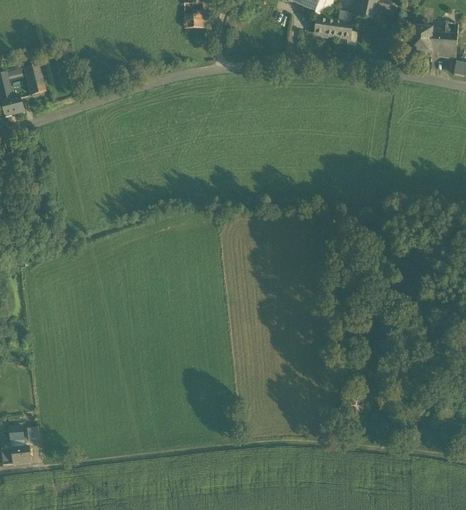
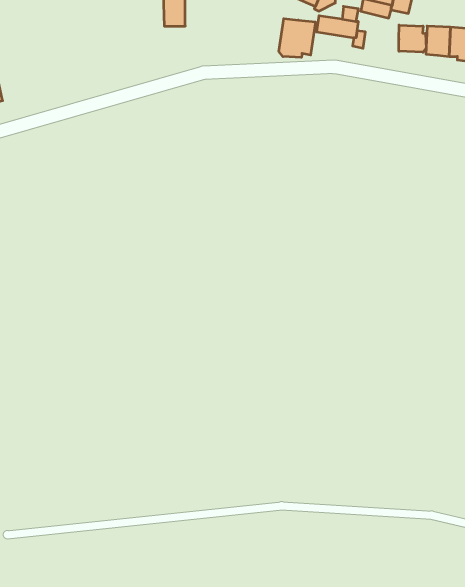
building: none -> [279,19,315,57]
building: none -> [399,25,426,52]

